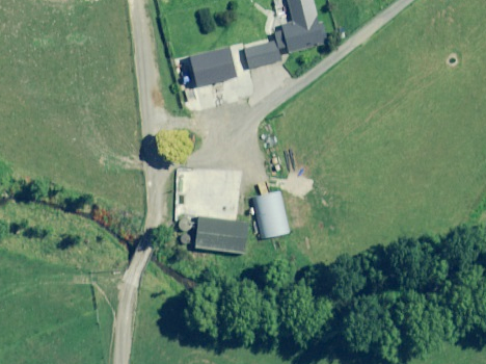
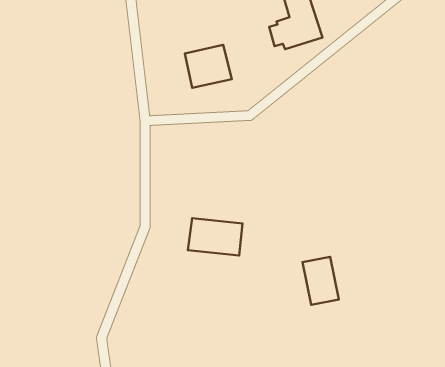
building: [244,41,278,68] -> none
building: [254,191,290,238] -> [303,257,339,305]

